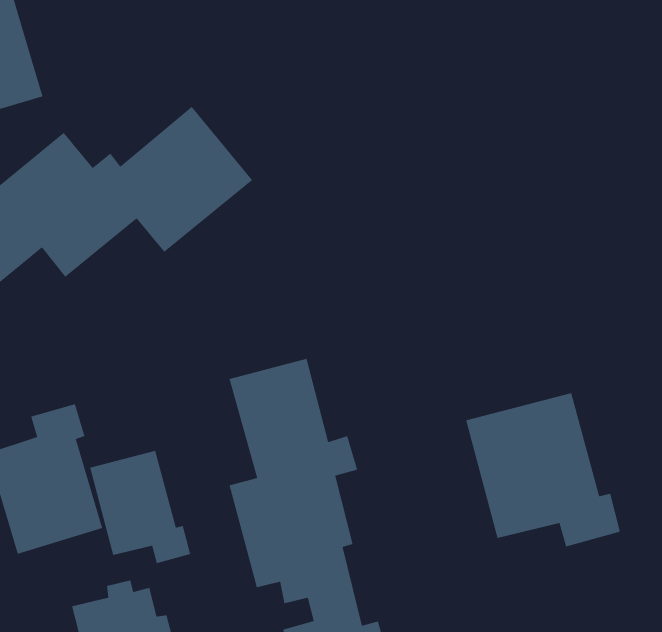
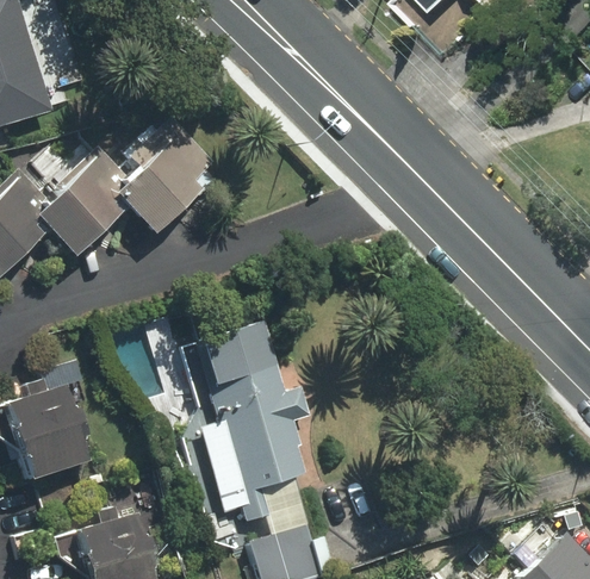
building: [465,392,621,547] -> none
building: [89,450,191,564] -> none

